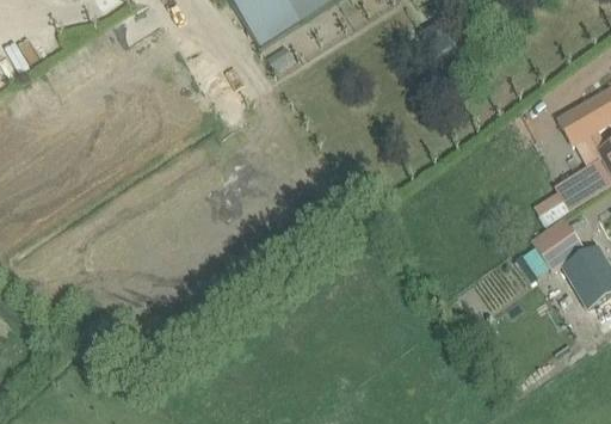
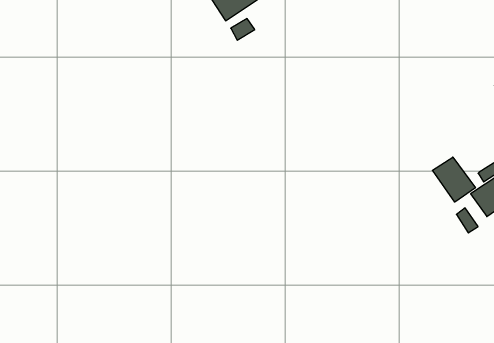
building: none -> [432,157,475,202]

